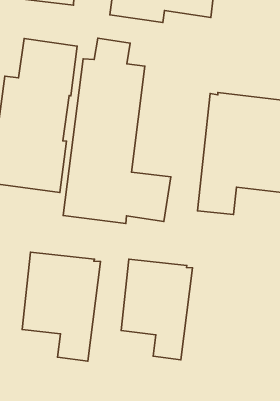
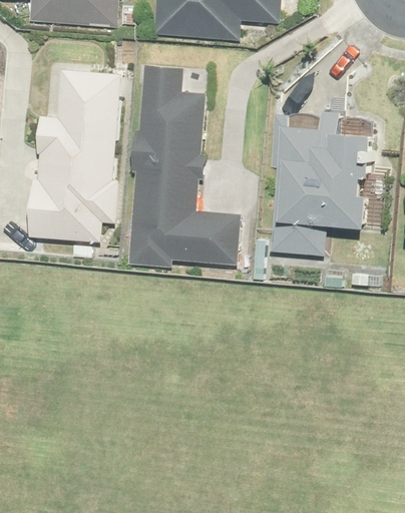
building: [22,252,101,361] -> none
building: [121,259,193,360] -> none

